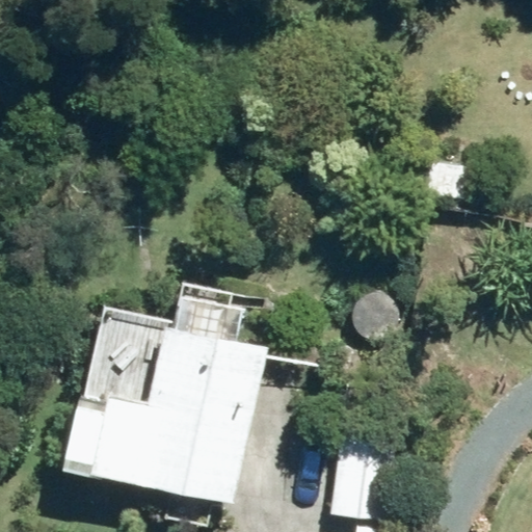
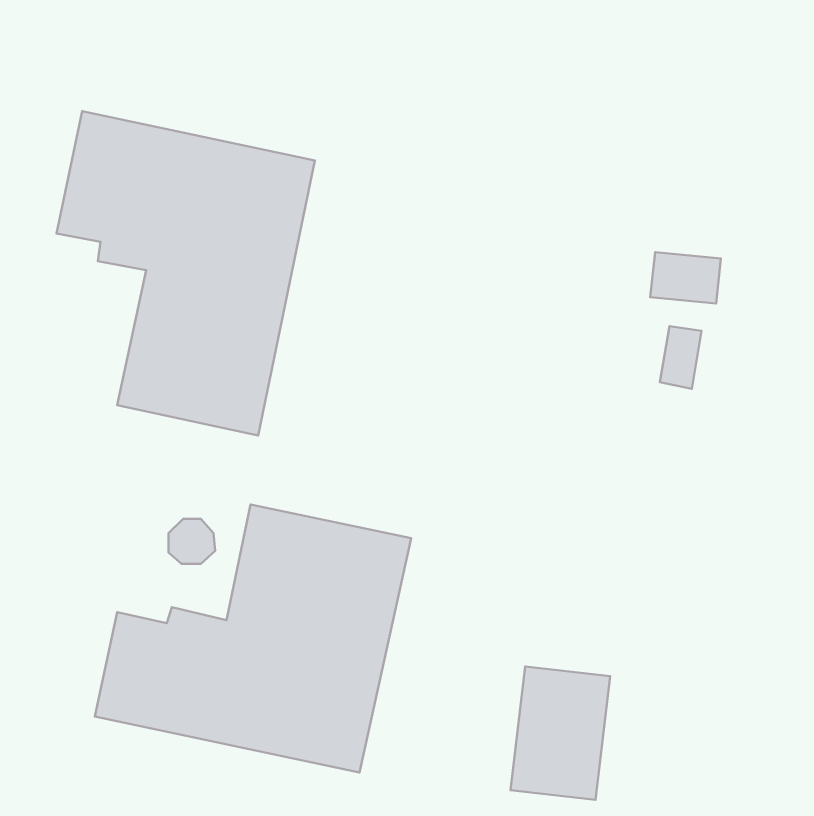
building: none -> [57,111,315,436]

